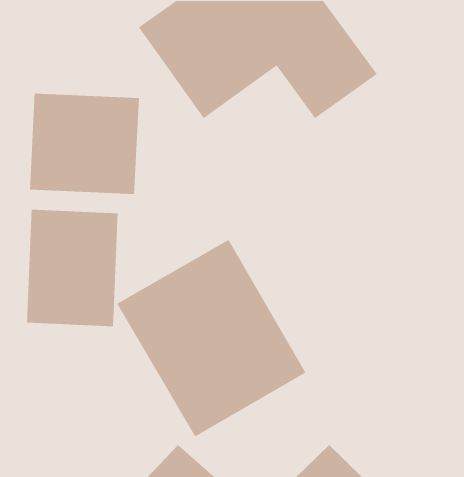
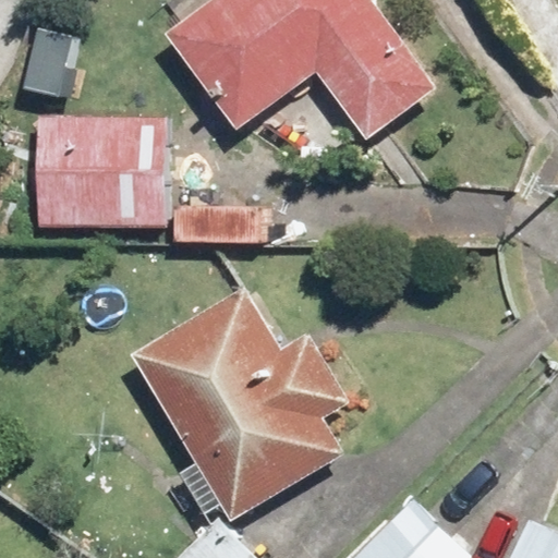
building: [26,209,119,327] -> none

